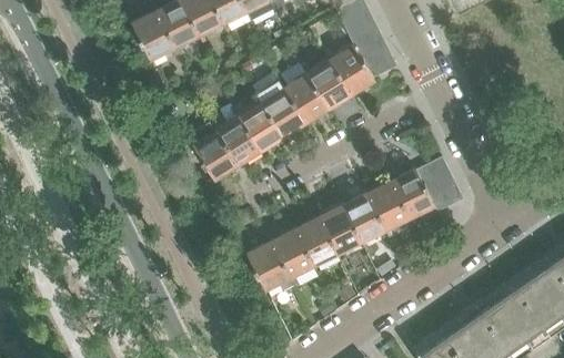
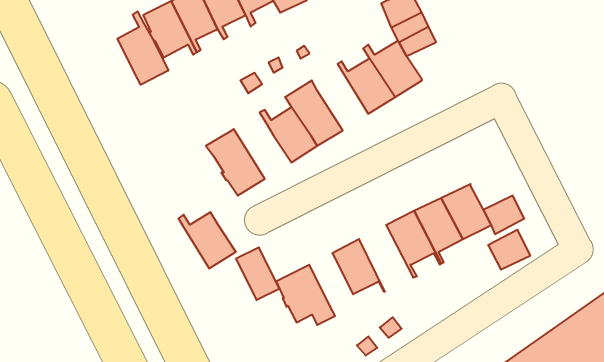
building: none -> [118,11,168,85]
building: [360,44,395,76] -> none
building: [278,72,326,121] -> none
building: [210,114,260,163] -> [178,212,236,268]
building: [415,155,452,190] -> [488,230,530,270]
building: [319,203,365,260] -> none
building: [275,227,313,273] -> [236,247,279,300]

